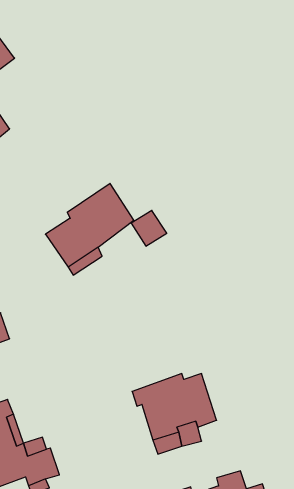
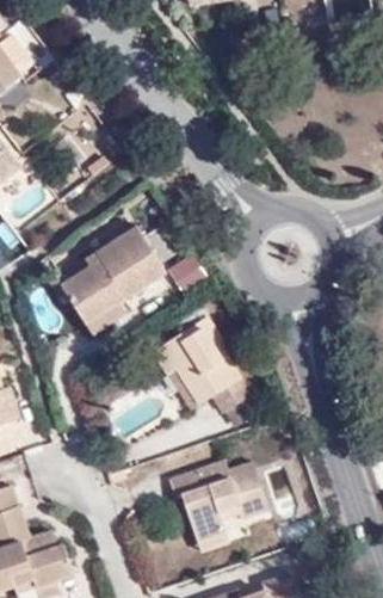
building: none -> [153,318,252,412]

